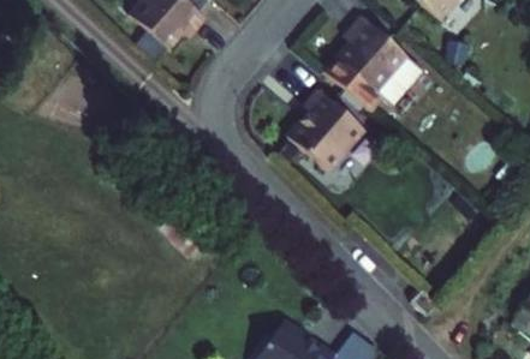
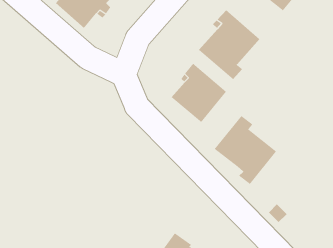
building: none -> [214,115,277,185]

